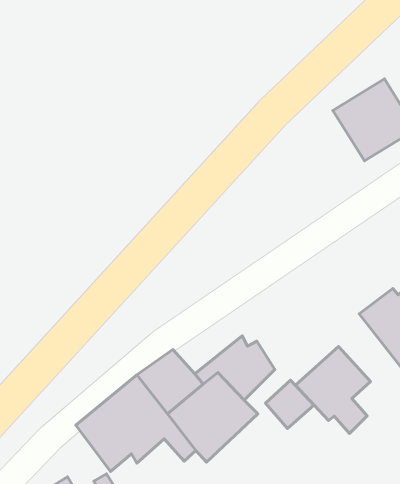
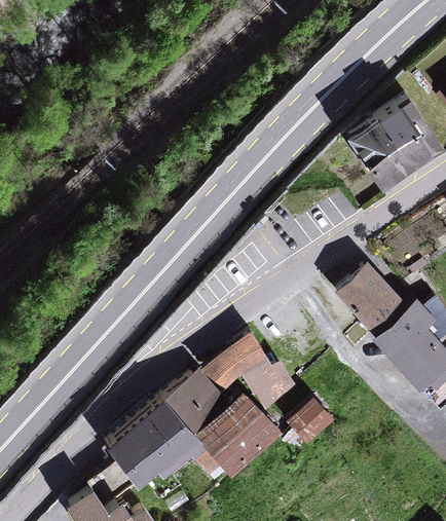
building: none -> [338,266,404,332]
building: none -> [198,331,266,394]
building: [296,346,370,433] -> none

